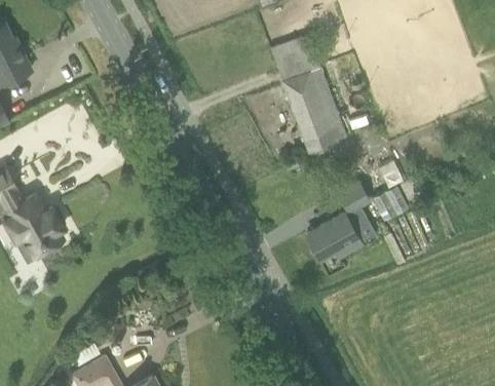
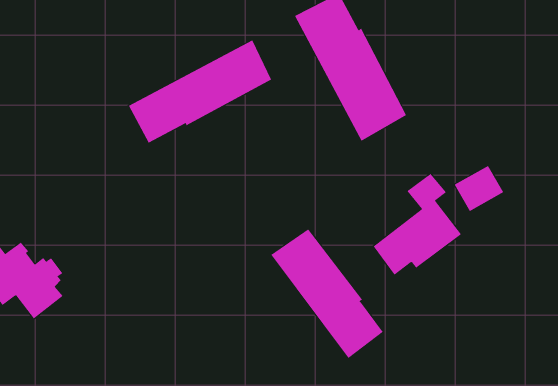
building: none -> [128,40,272,143]
building: none -> [271,228,384,359]

